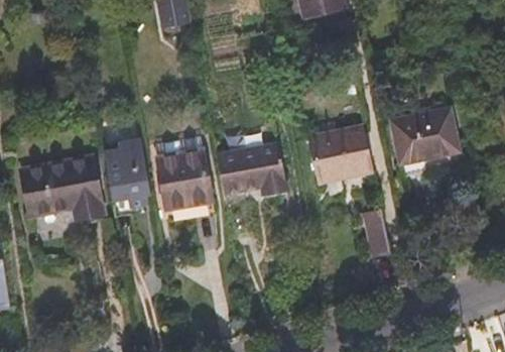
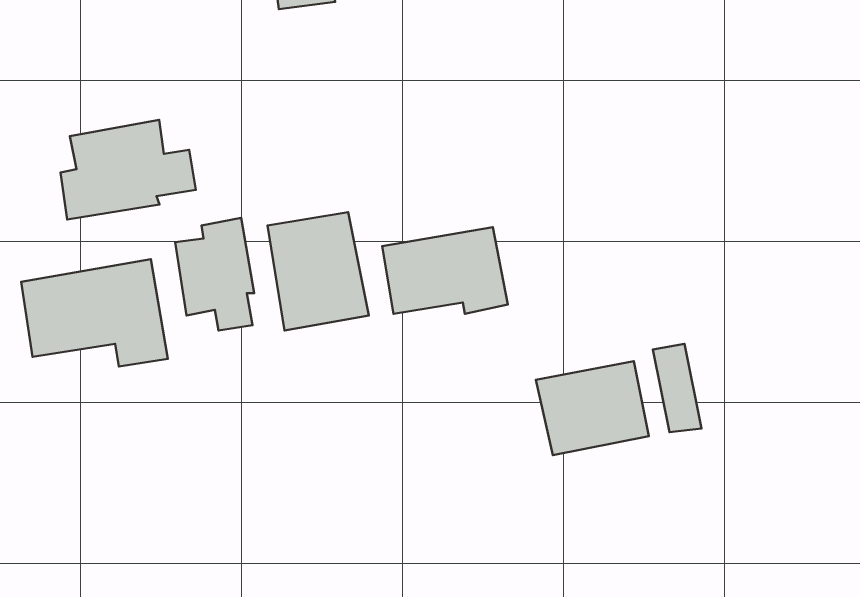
building: none -> [60,120,196,219]
building: [394,112,460,182] -> none
building: [311,129,372,180] -> [536,361,649,455]

